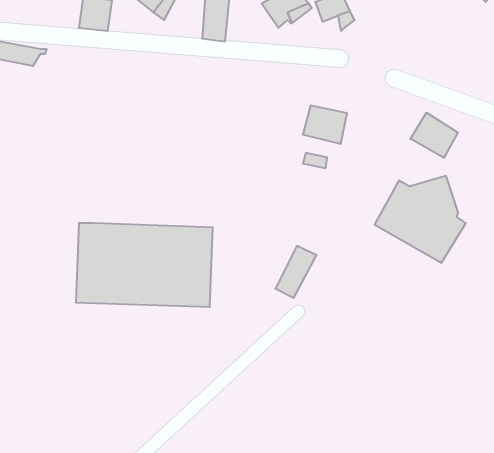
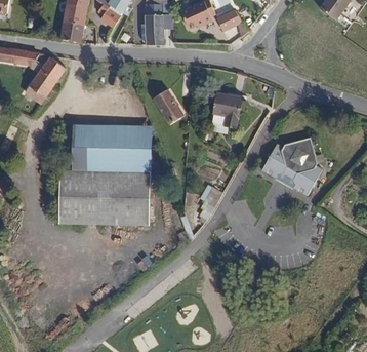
building: none -> [22,57,66,112]
building: none -> [153,92,182,125]
building: [410,113,458,158] -> none
building: none -> [72,122,152,172]

